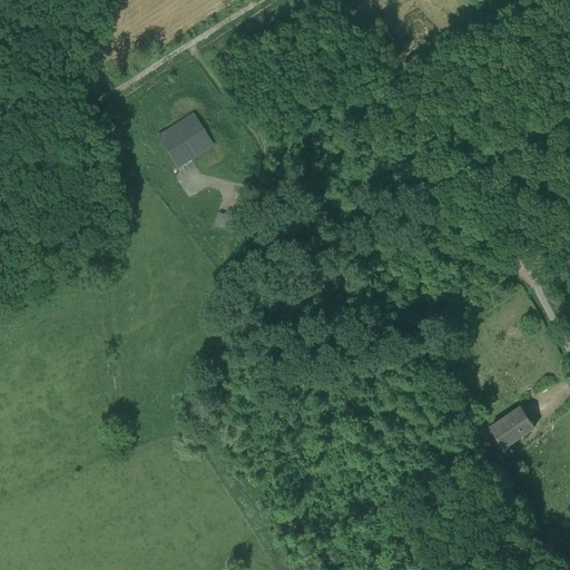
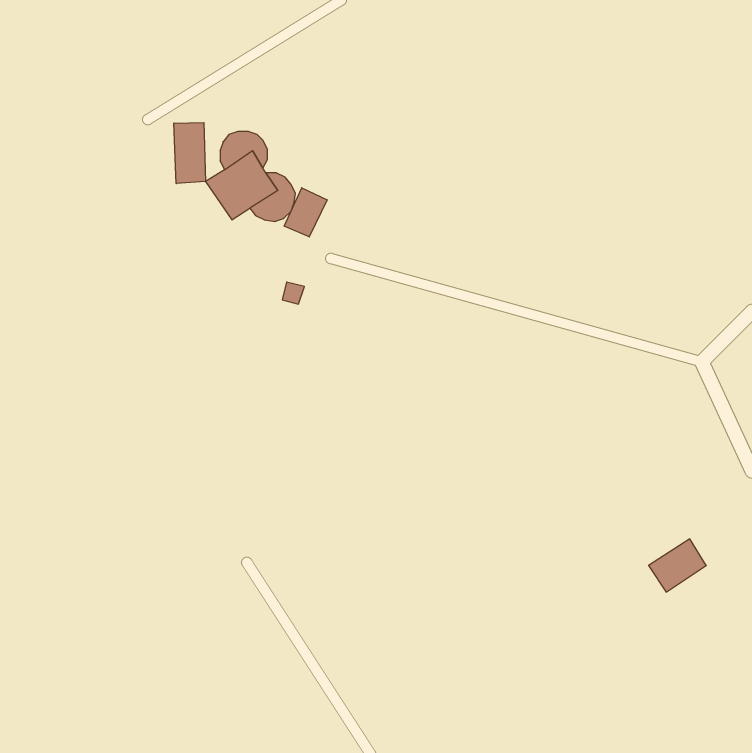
building: none -> [174,123,205,184]
building: none -> [284,188,327,237]

